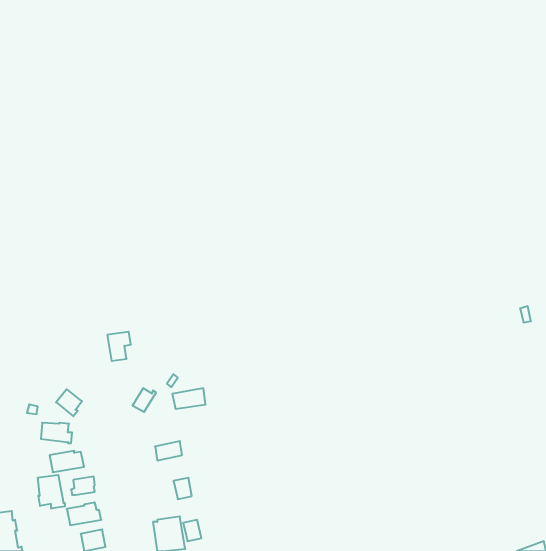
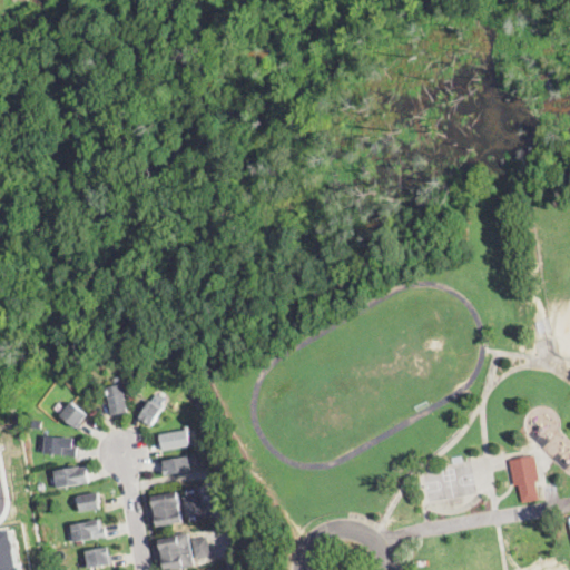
building: [107,332,131,361] -> [105,384,129,414]
building: [172,388,206,409] -> [154,430,188,451]
building: none -> [507,455,537,503]
building: [38,475,65,509] -> none
building: none -> [149,491,180,527]

